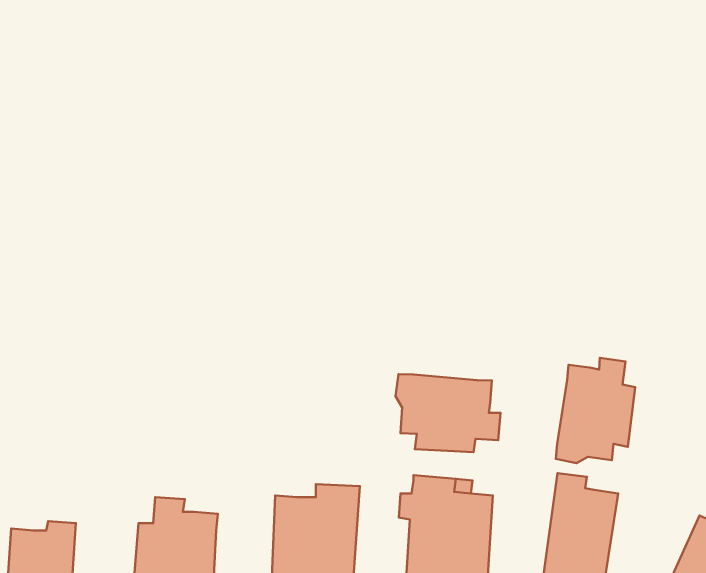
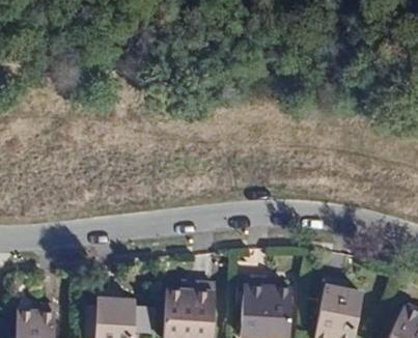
building: [556,358,635,463] -> none
building: [396,374,500,452] -> none

